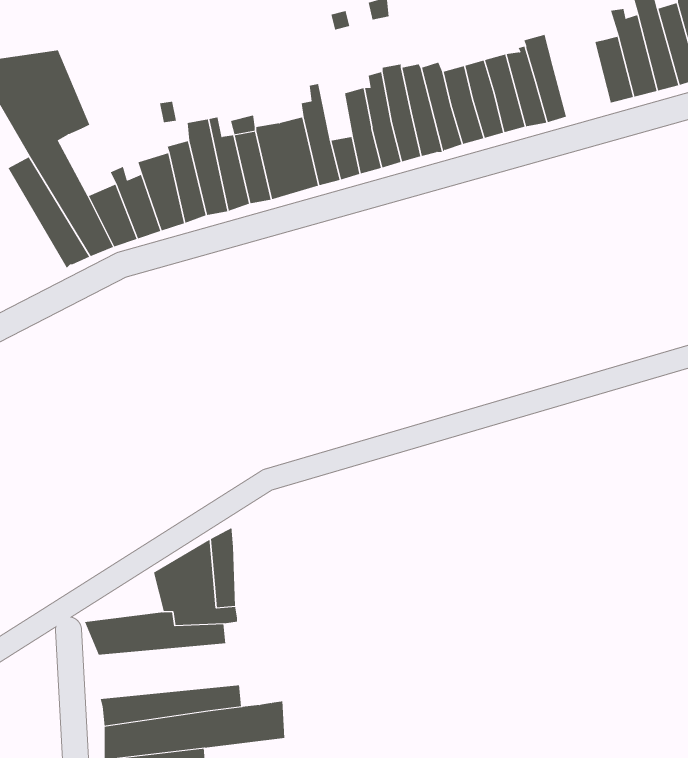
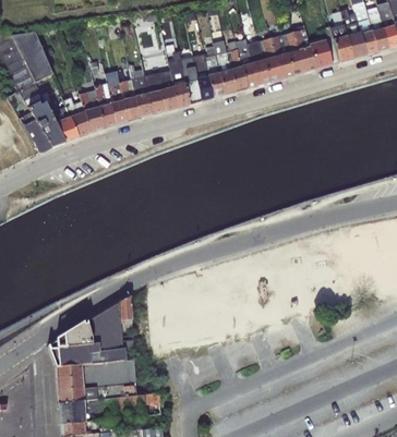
building: none -> [309,25,340,69]
building: none -> [48,320,93,348]
building: none -> [57,359,135,390]

